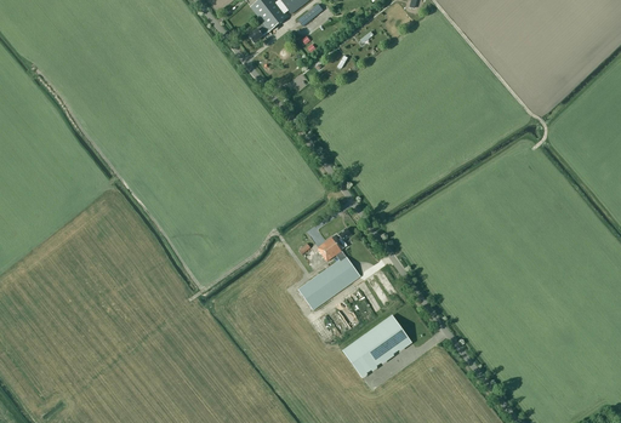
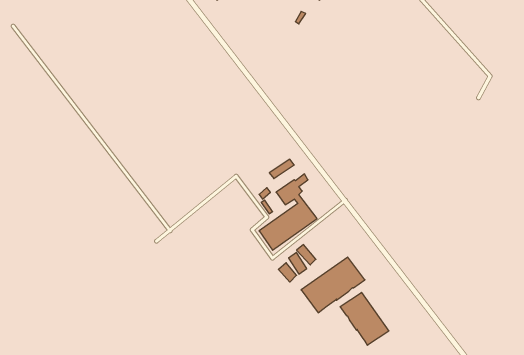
building: none -> [340,292,389,345]

